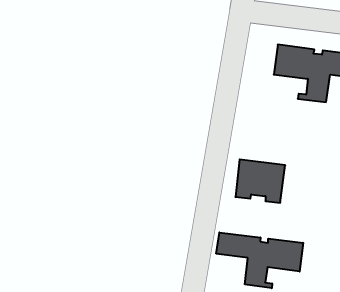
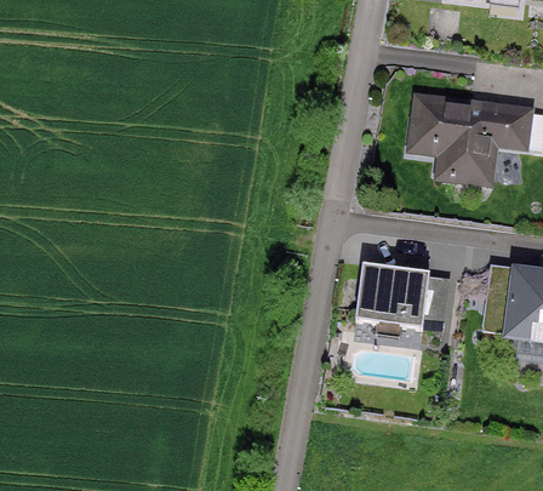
building: [216,232,303,288] -> none

